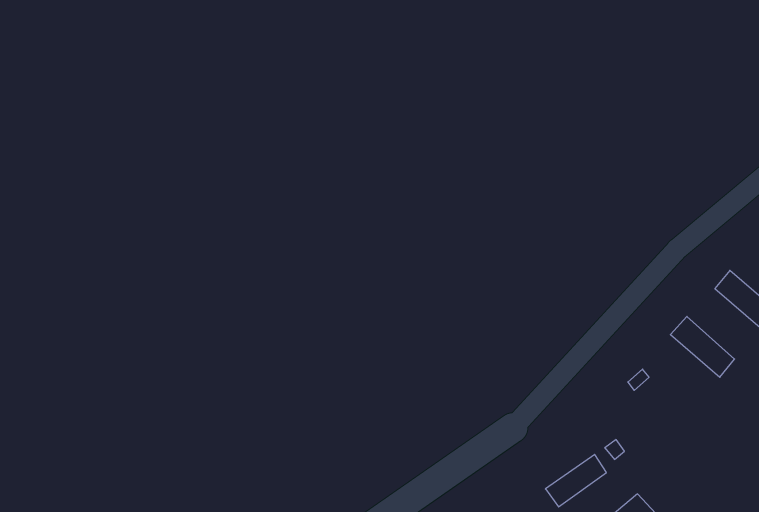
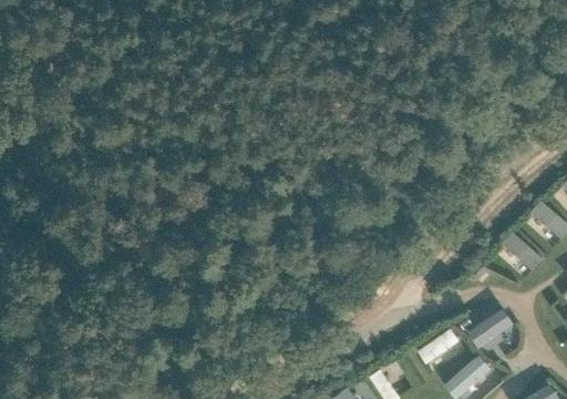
building: none -> [467,307,514,348]

